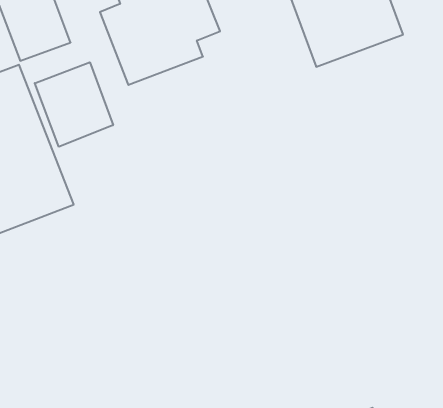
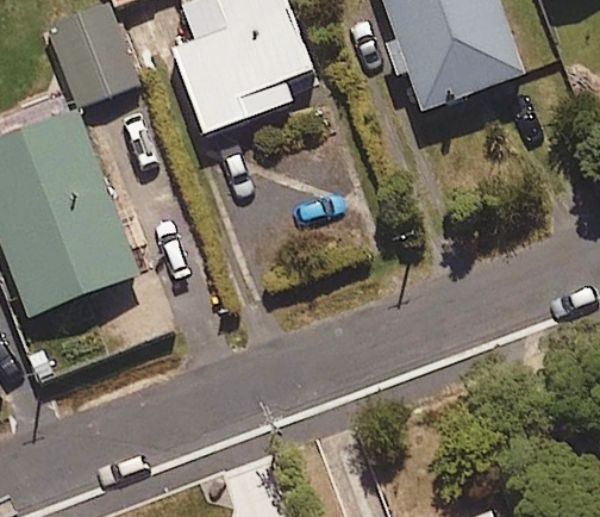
building: [35,62,113,147] -> none

